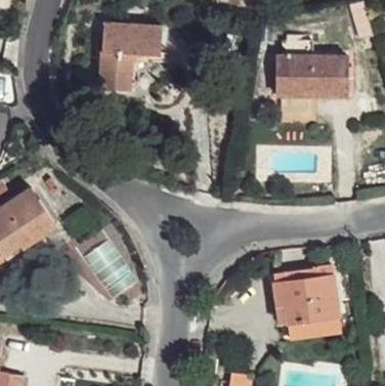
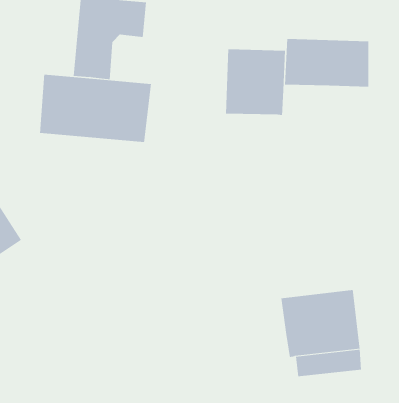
building: none -> [226,49,285,116]
building: none -> [40,74,151,143]

